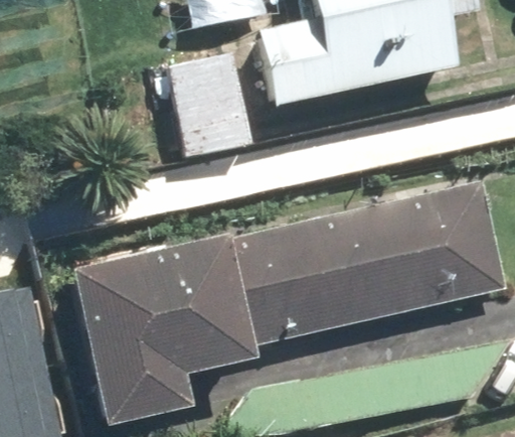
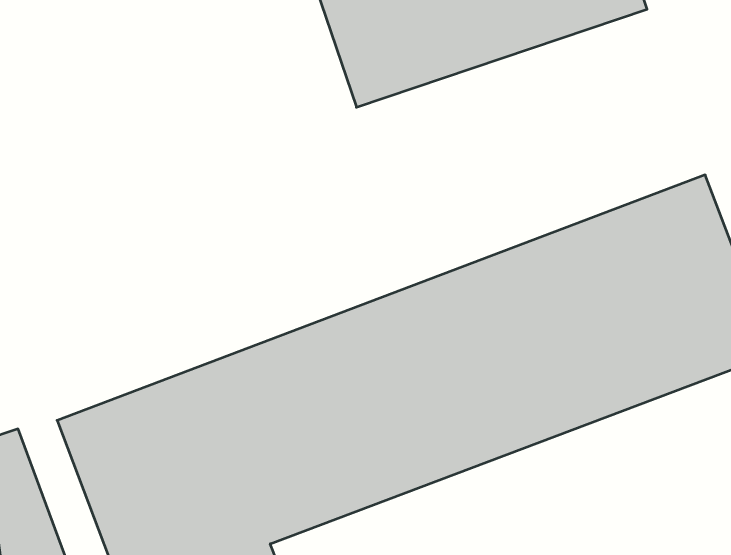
building: [166,48,253,156] -> none

